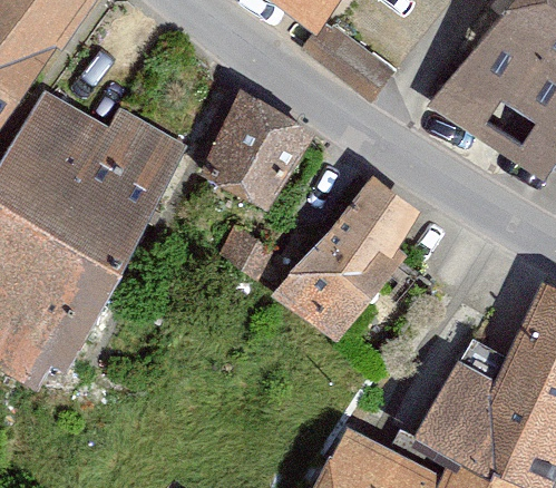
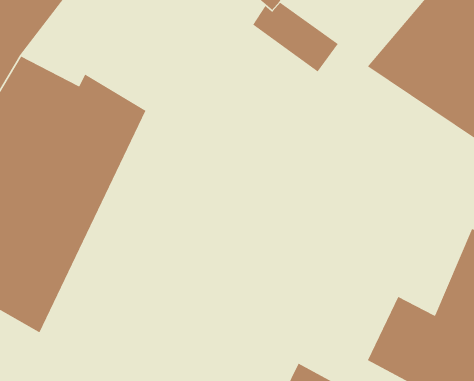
building: [194,92,311,209] -> none
building: [276,172,426,343] -> none

